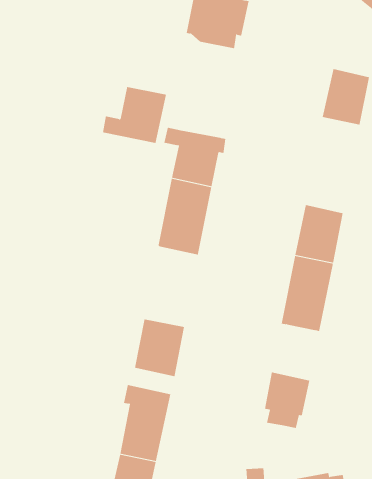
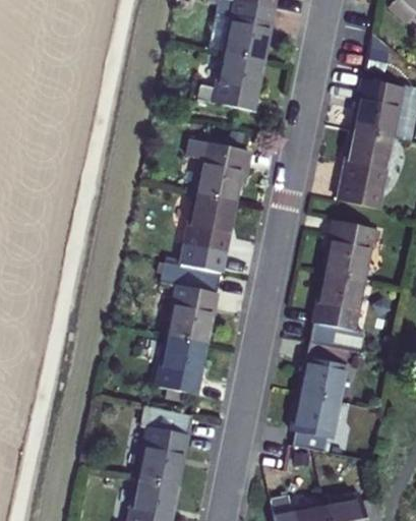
building: [102,87,167,143] -> [199,51,266,110]
building: none -> [338,129,392,209]
building: none -> [167,264,224,347]
building: none -> [299,345,347,403]

